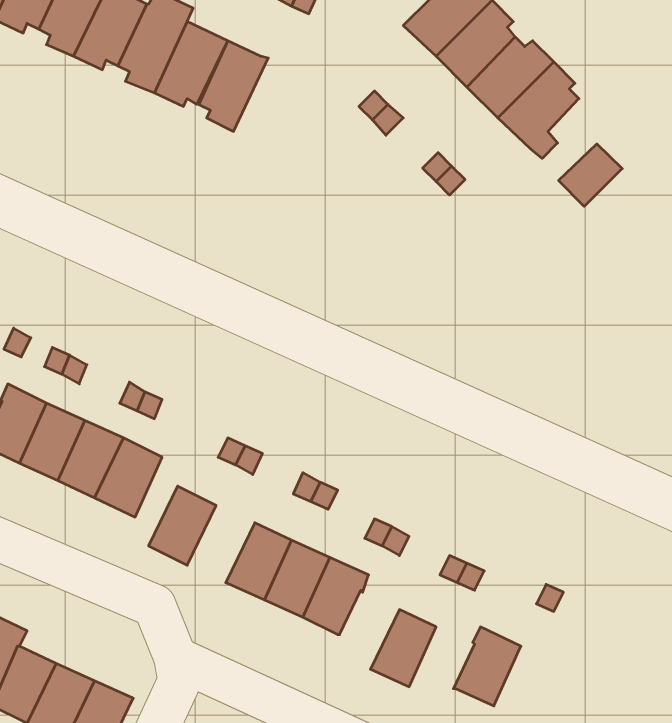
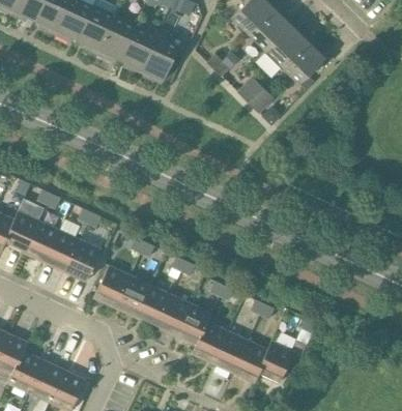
building: none -> [140,28,180,81]
building: [559,144,622,206] -> none
building: none -> [115,275,151,317]
building: none -> [193,321,229,363]
building: none -> [234,341,269,382]

